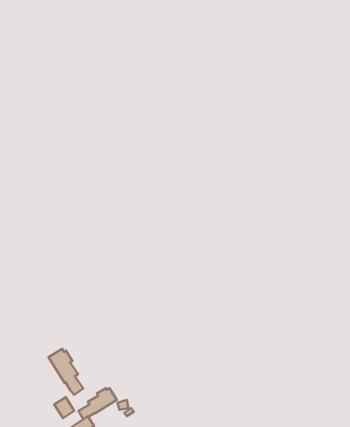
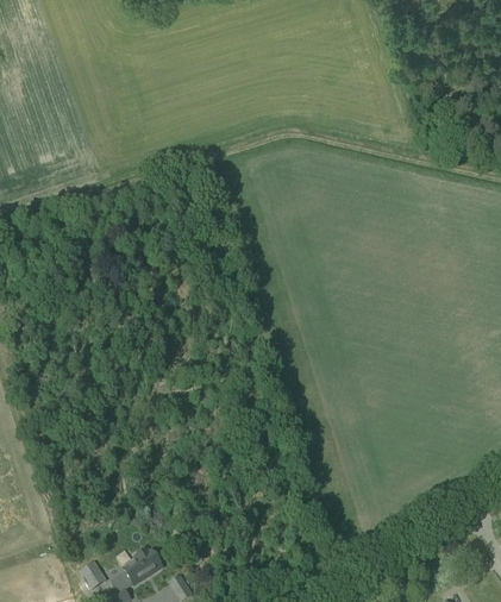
building: [49,349,83,395] -> none

